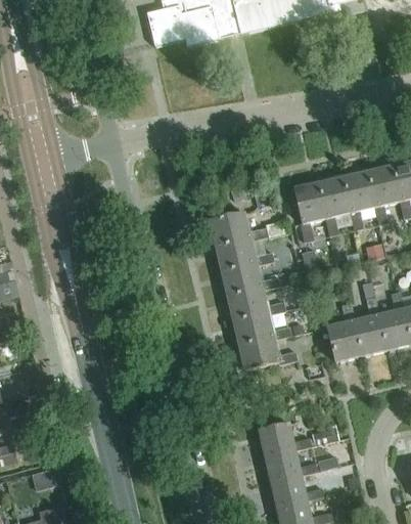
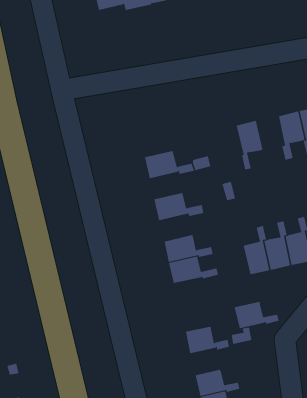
building: [342,171,375,229] -> none
building: [293,182,326,241] -> none
building: [215,237,274,270] -> none
building: [226,288,285,320] -> none
building: [263,447,317,480] -> [234,301,279,329]

